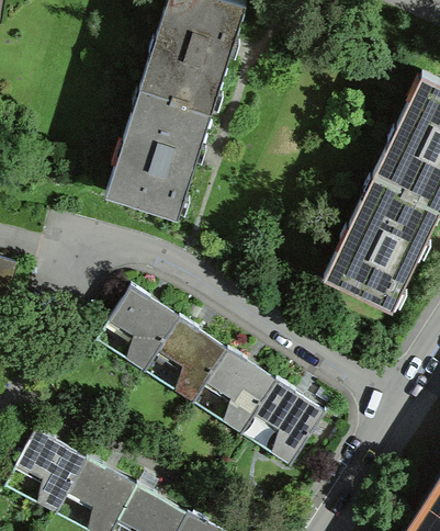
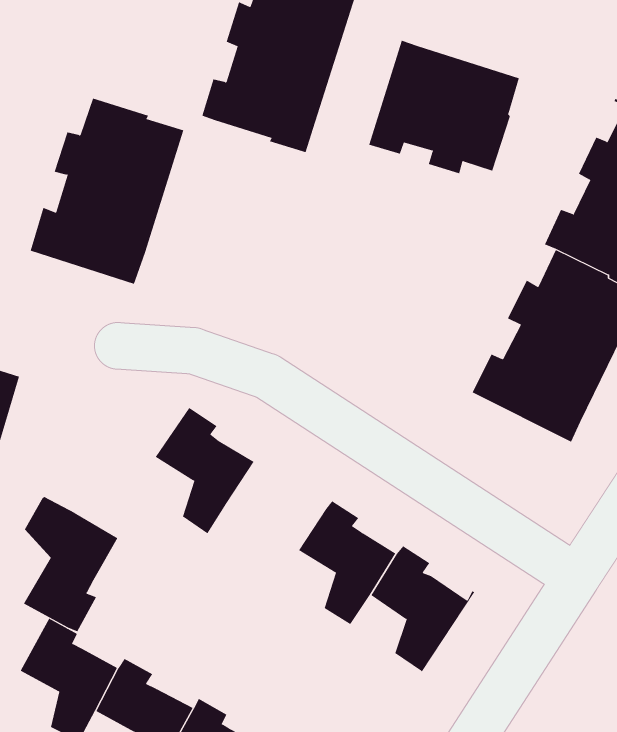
building: none -> [369,40,520,174]
building: [105,89,211,216] -> [30,98,184,285]
building: [157,316,224,402] -> none
building: none -> [23,496,118,632]

